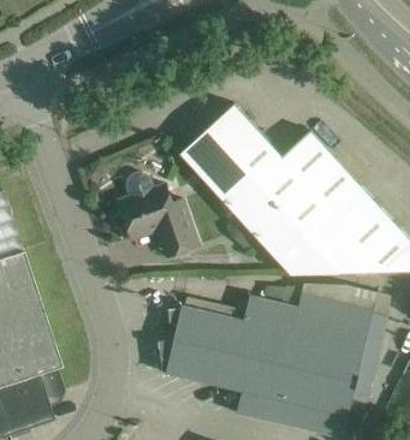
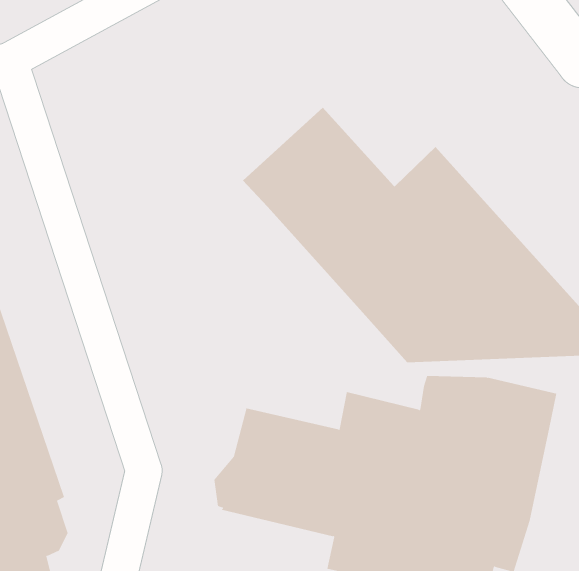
building: [119,172,200,254] -> none

